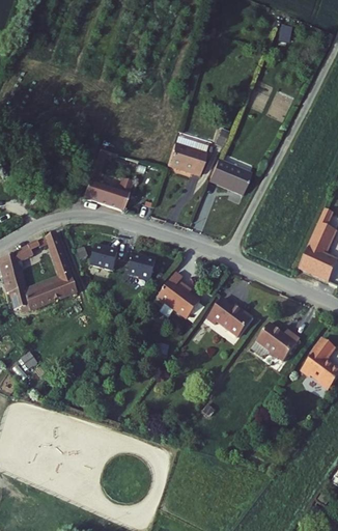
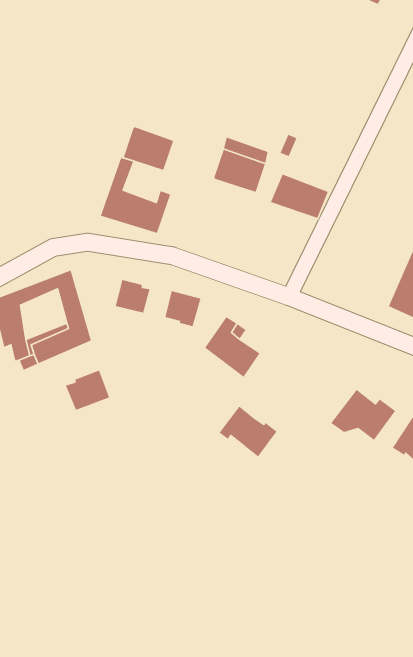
building: none -> [123,126,174,171]
building: [214,300,258,339] -> [219,405,277,458]
building: none -> [65,369,110,411]

